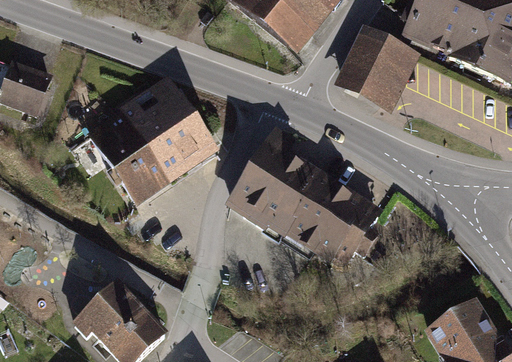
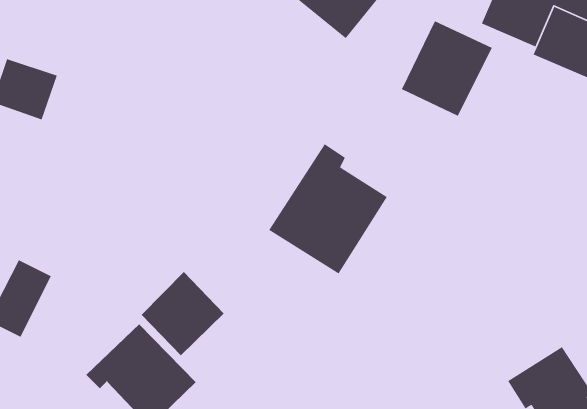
building: [90,79,215,200] -> none
building: [287,177,385,264] -> none
building: none -> [141,271,225,356]

